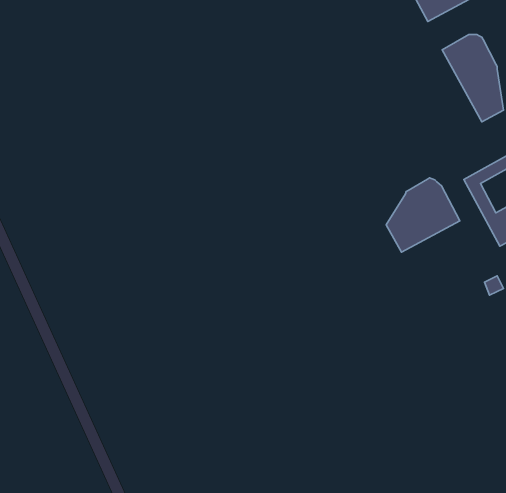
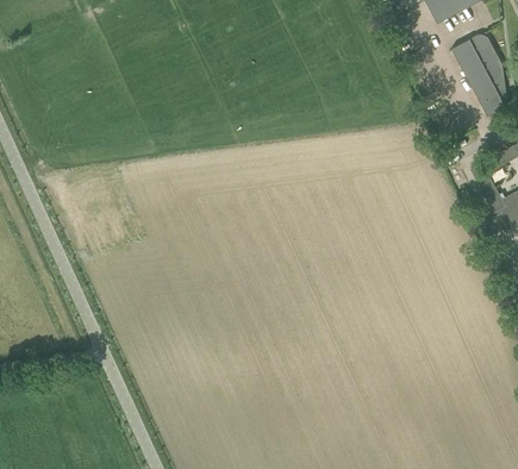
building: [386,178,460,252] -> none

